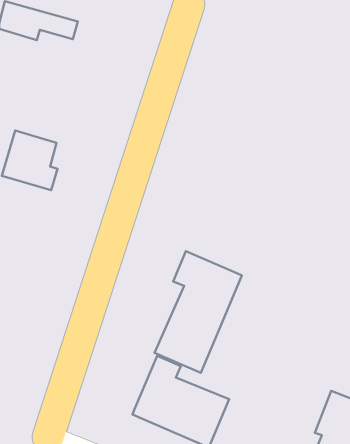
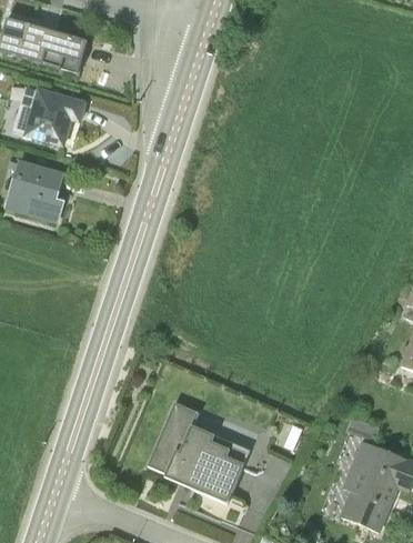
building: none -> [24,87,87,148]
building: [154,251,242,373] -> none

